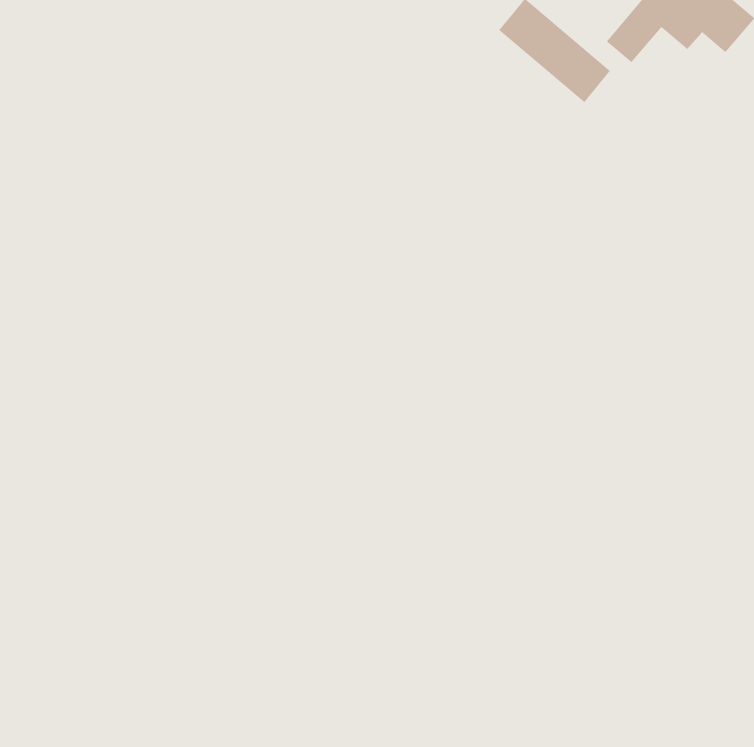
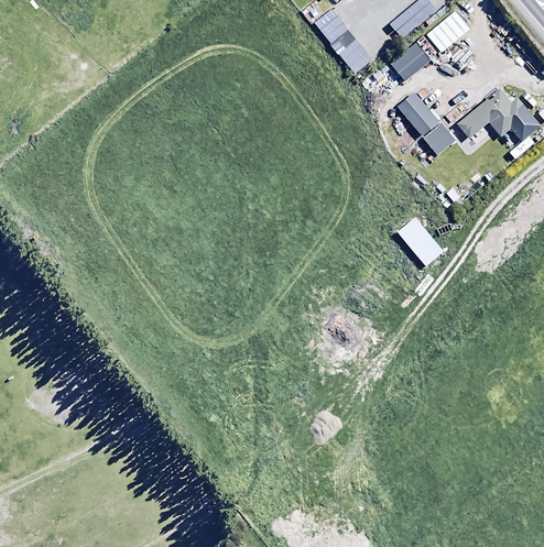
building: none -> [396,218,445,269]

